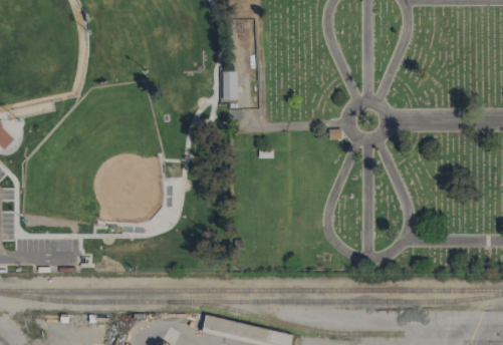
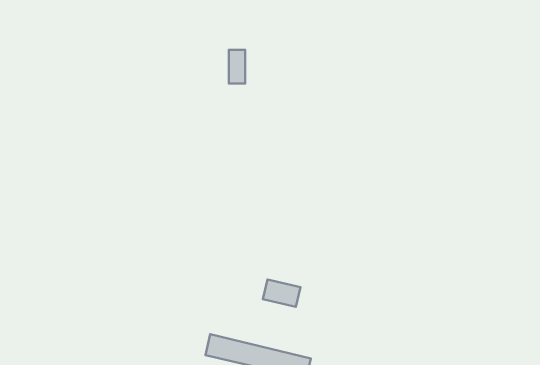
building: none -> [263,279,301,307]

